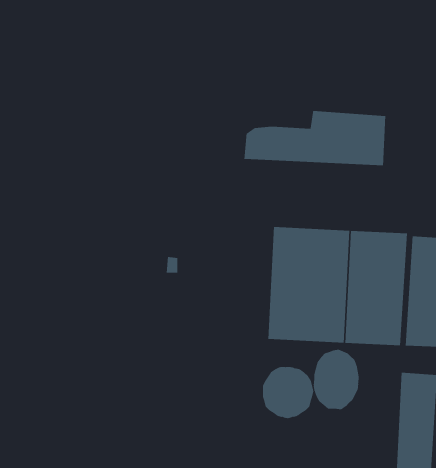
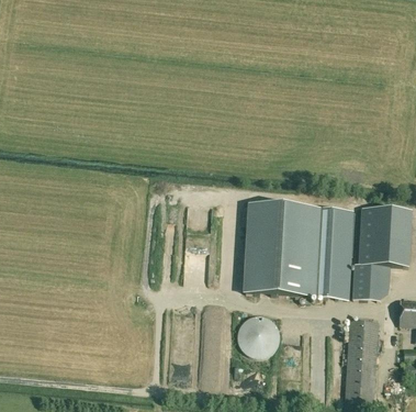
building: [244,110,386,166] -> none
building: [313,349,359,410] -> none

